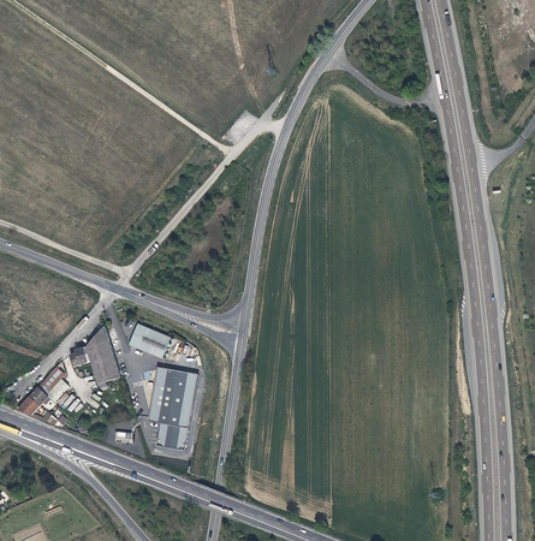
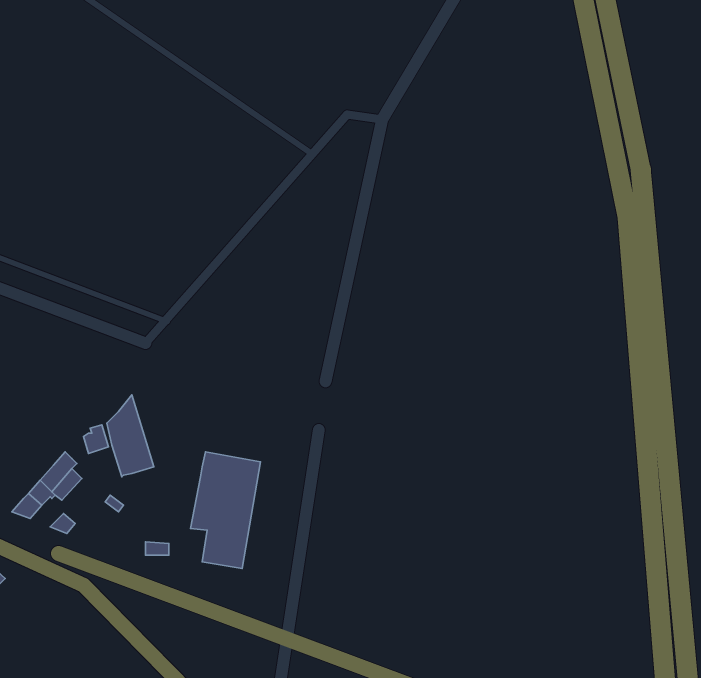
building: [129,323,172,358] -> none

